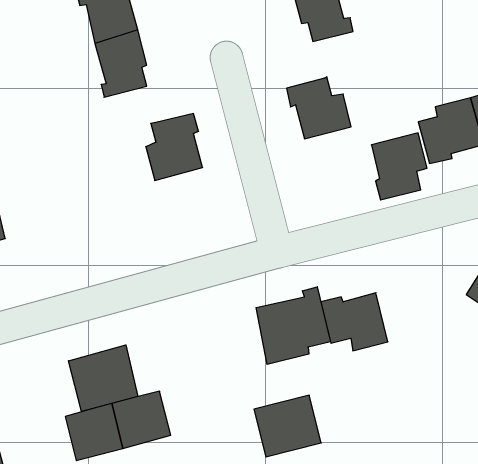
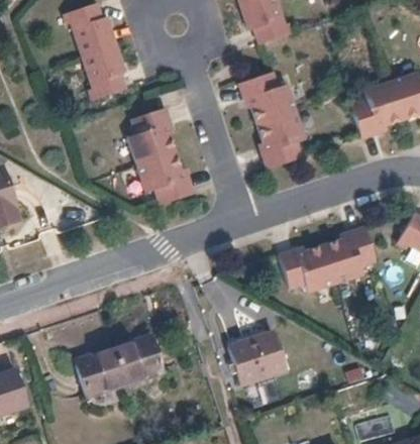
building: [371,133,427,200] -> [257,111,304,168]
building: none -> [137,151,194,205]
building: none -> [323,227,375,285]
building: [256,287,331,364] -> none
building: [68,345,138,411] -> none

